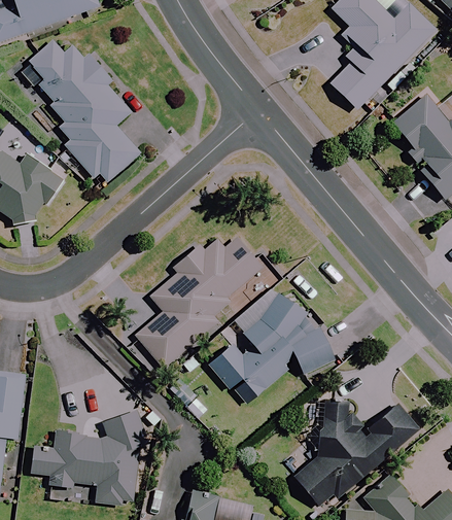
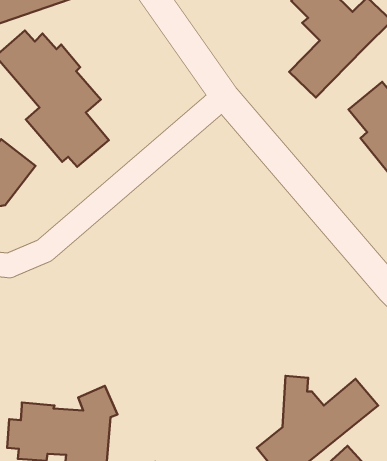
building: [135,236,263,368] -> none
building: [203,292,334,407] -> none

